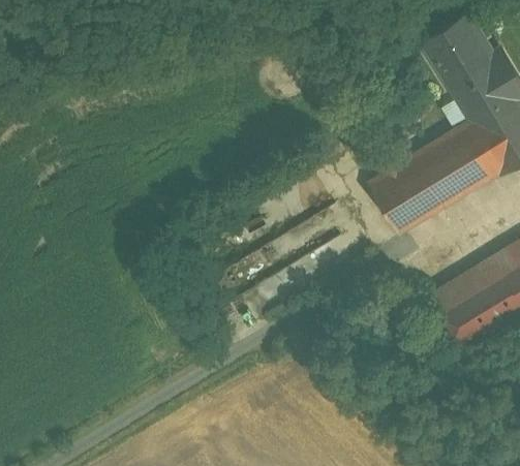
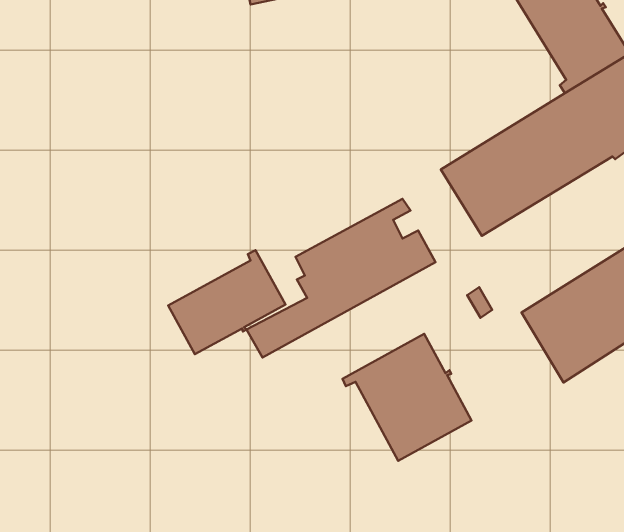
building: none -> [168,250,285,354]
building: none -> [342,334,472,461]

